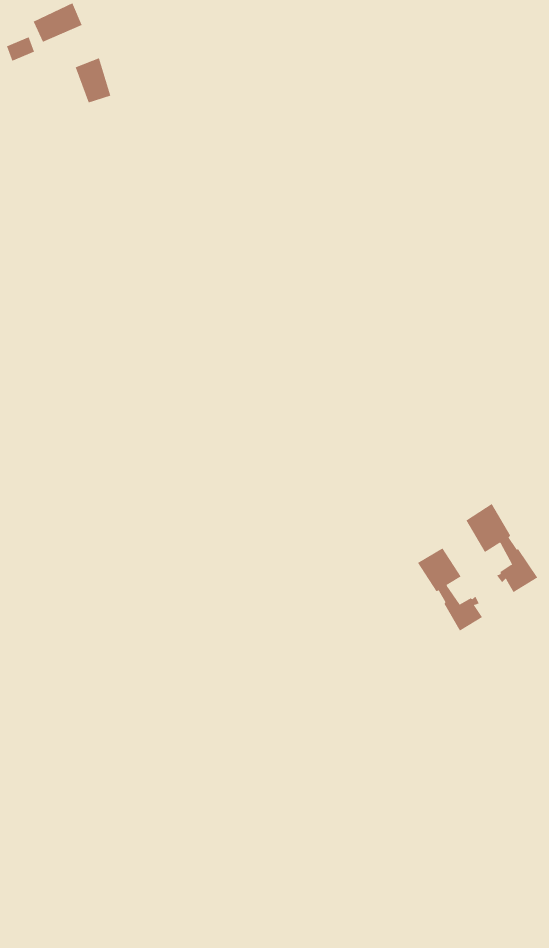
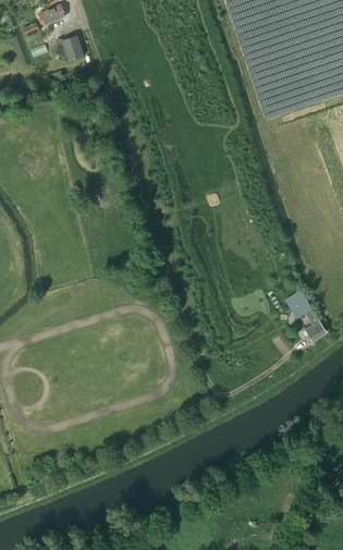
building: [417,548,483,632] -> none

